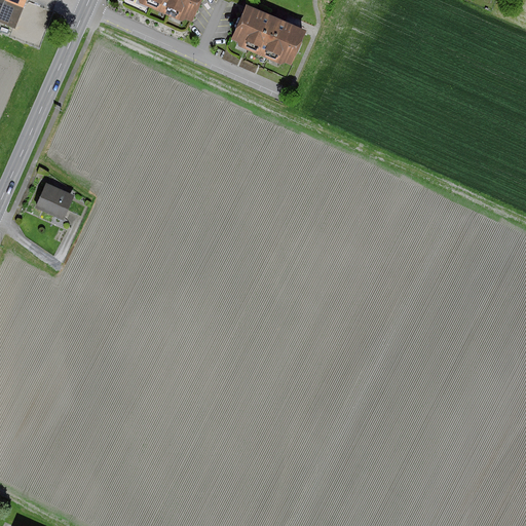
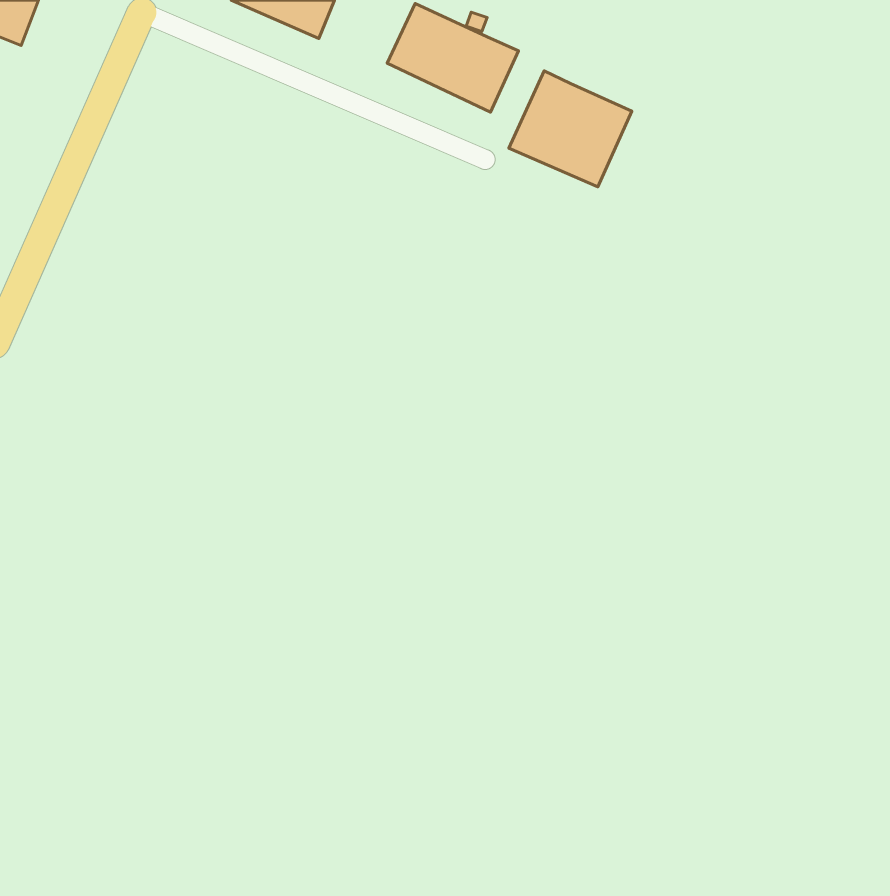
building: none -> [509,71,632,187]
building: [39,184,78,220] -> none

